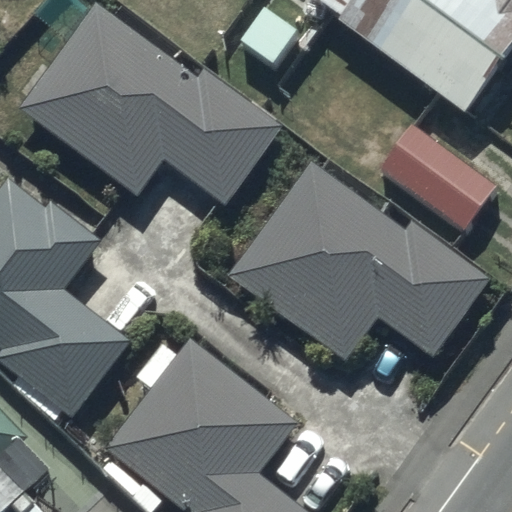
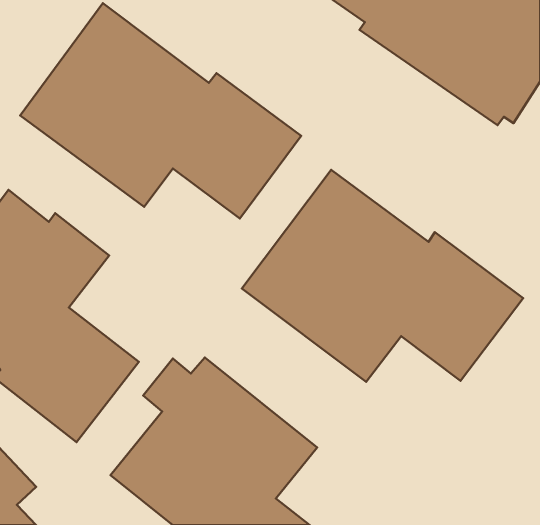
building: [380,122,496,229] -> none

